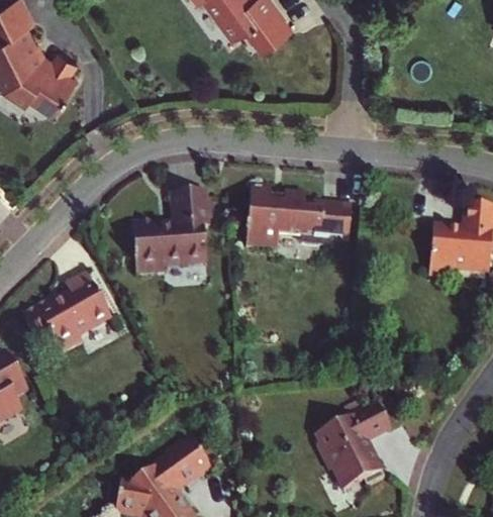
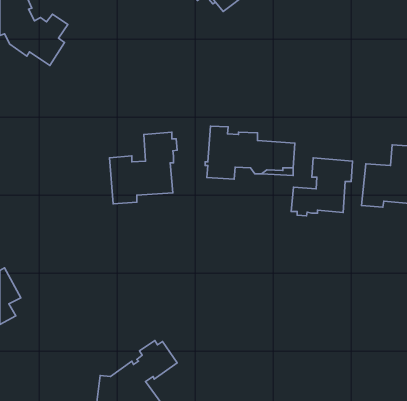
building: none -> [291,158,353,216]
building: [22,270,110,351] -> none
building: [319,401,391,486] -> none

